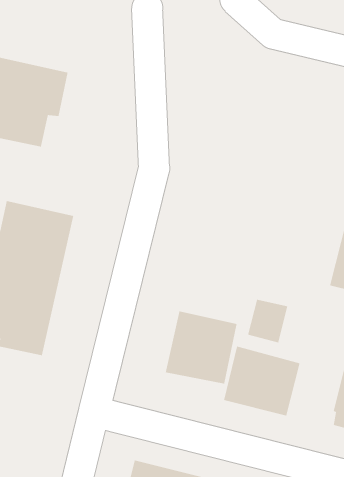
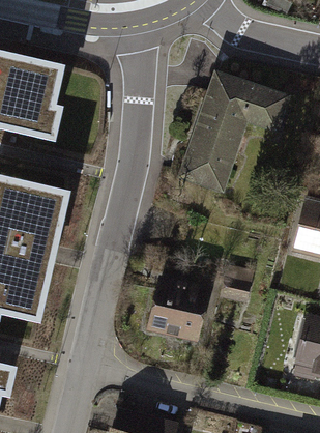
building: none -> [175,68,290,194]
building: [223,346,301,416] -> none

